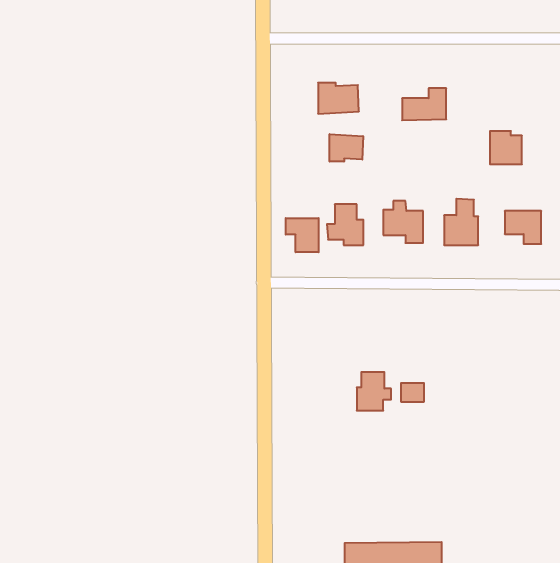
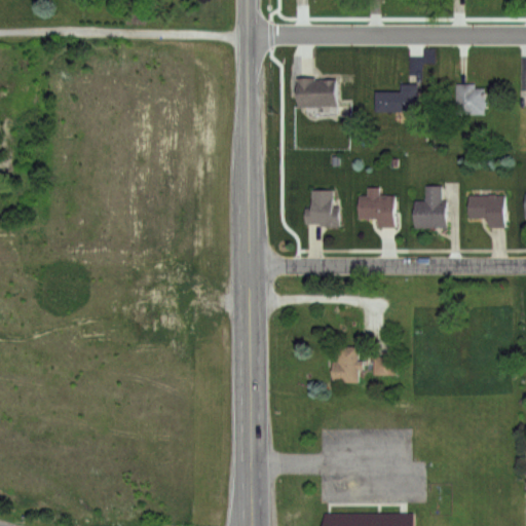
building: [490,131,522,164] -> [453,84,483,115]
building: [330,134,363,162] -> none
building: [286,218,319,252] -> none

